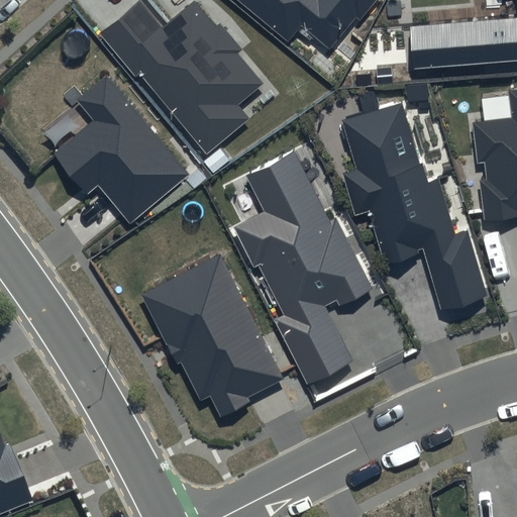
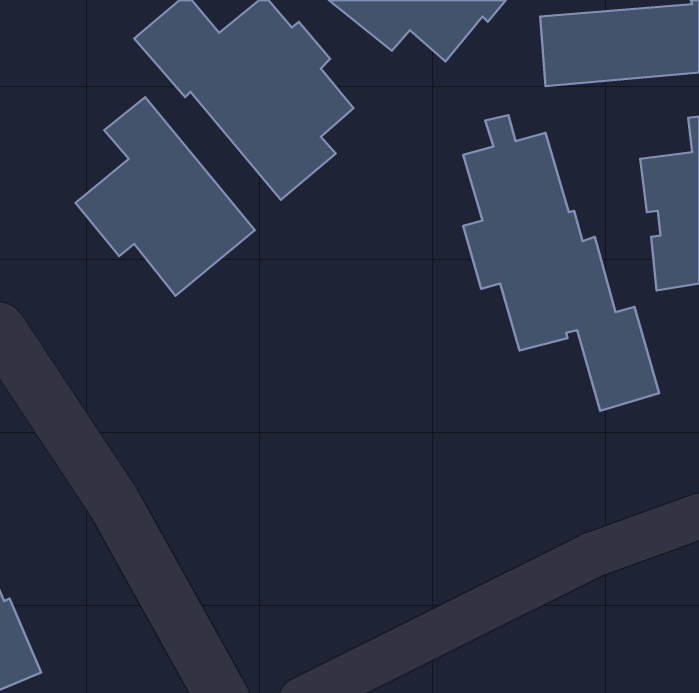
building: [233,151,374,384] -> none
building: [142,255,283,418] -> none

